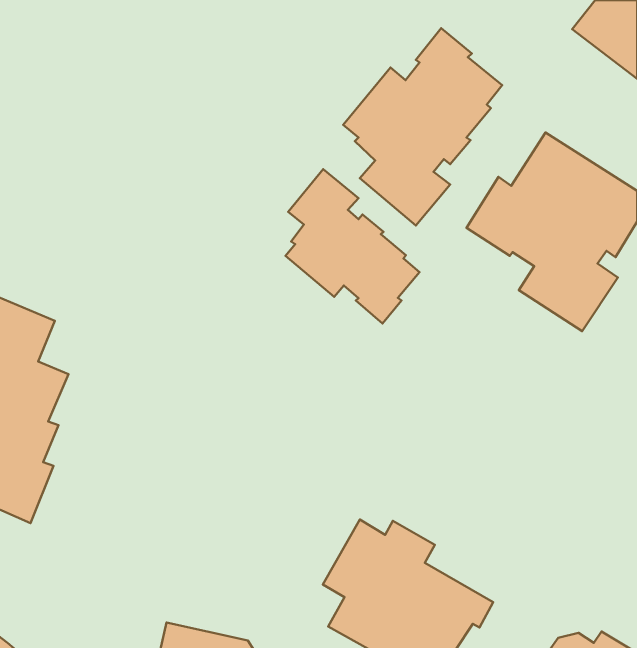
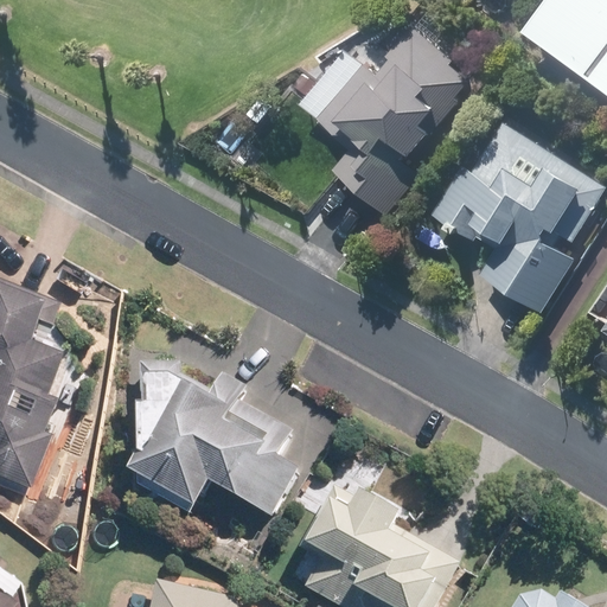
building: [285,169,420,324] -> none
building: none -> [129,364,290,516]

